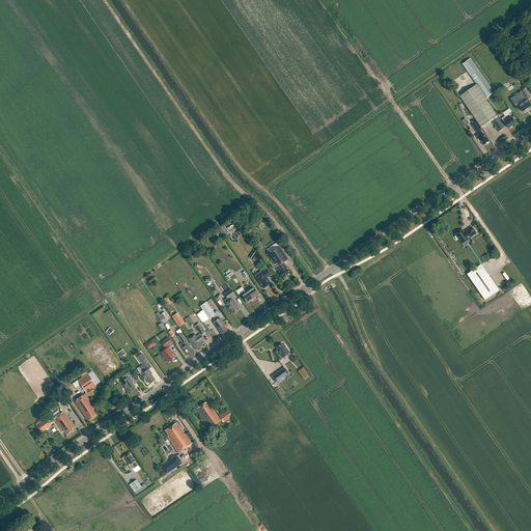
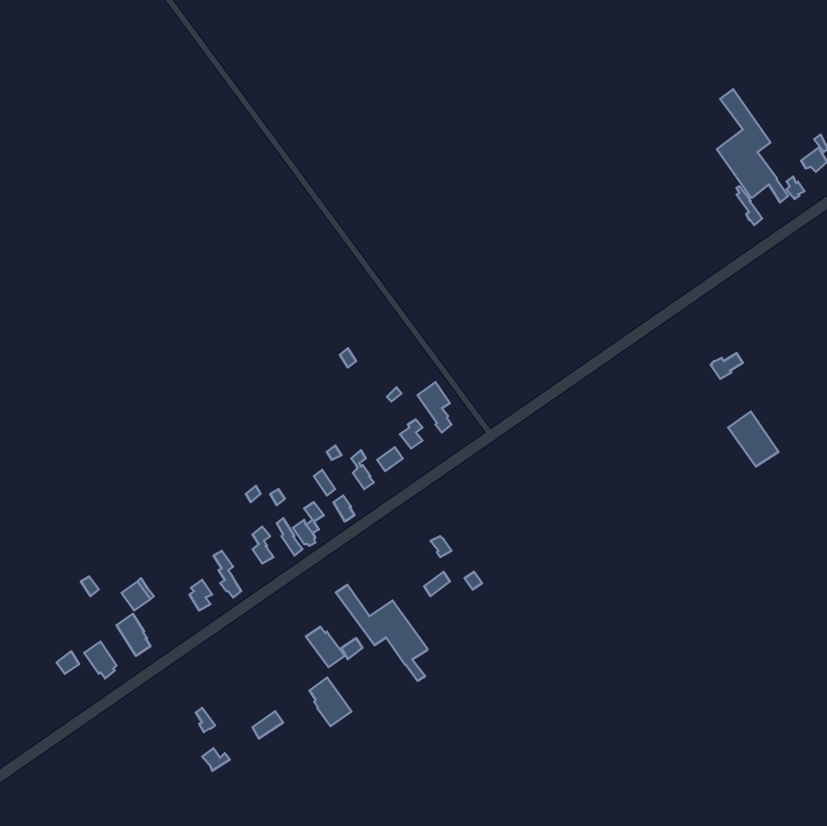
building: none -> [336,585,428,681]
building: [165,421,192,452] -> [309,678,352,726]

